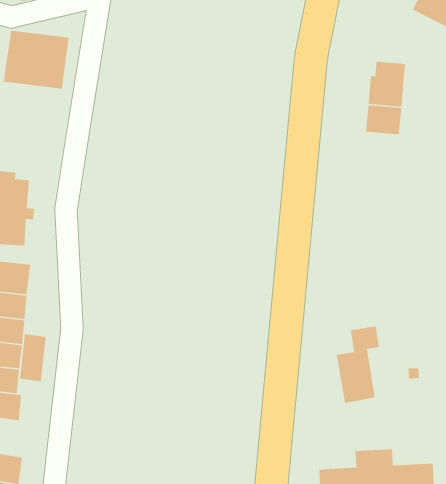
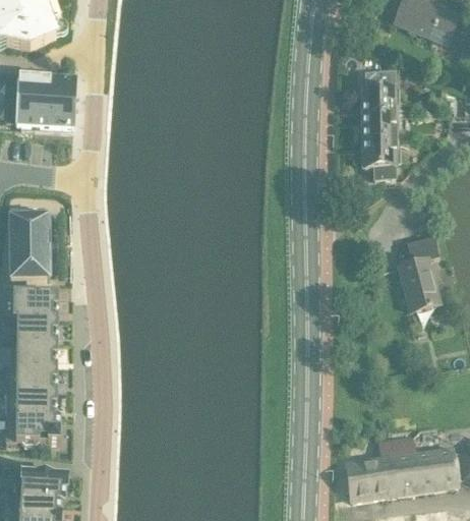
building: none -> [360,141,393,181]
building: [336,326,380,404] -> [397,235,437,311]
building: [19,333,46,382] -> none

